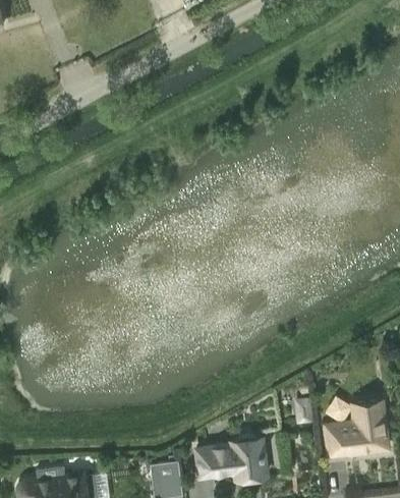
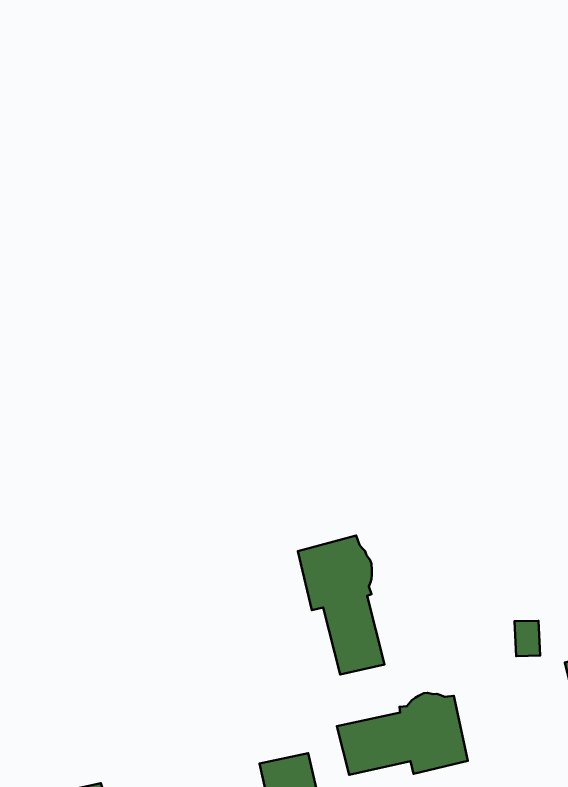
building: none -> [298,536,384,674]

